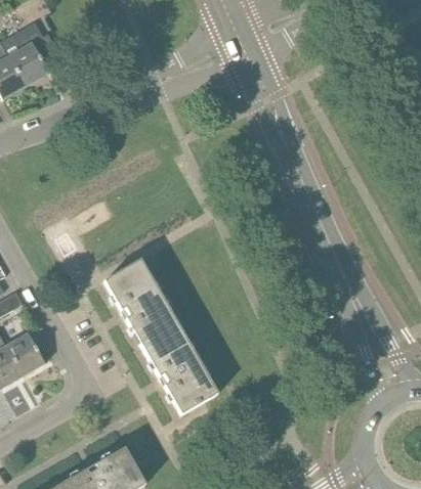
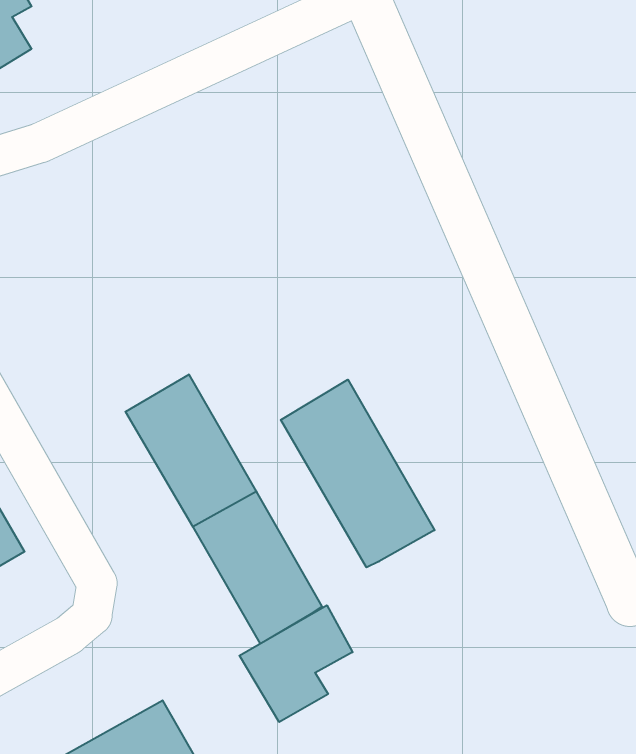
building: none -> [281,380,435,567]
building: none -> [239,605,353,722]

